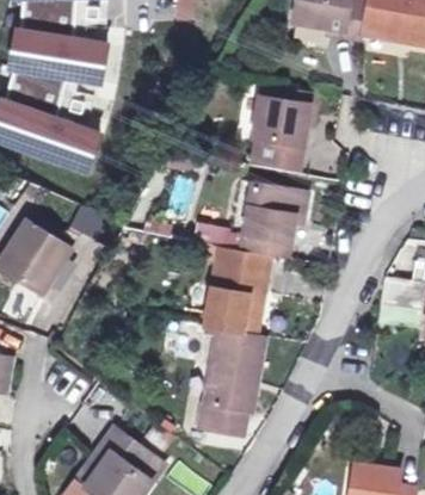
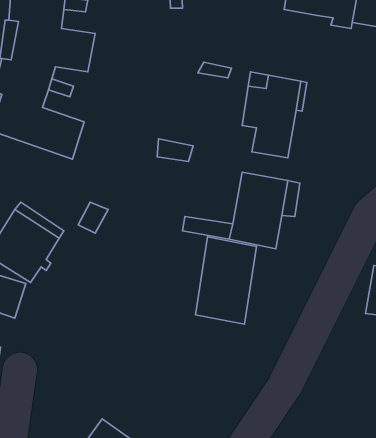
building: [199,327,265,434] -> none

